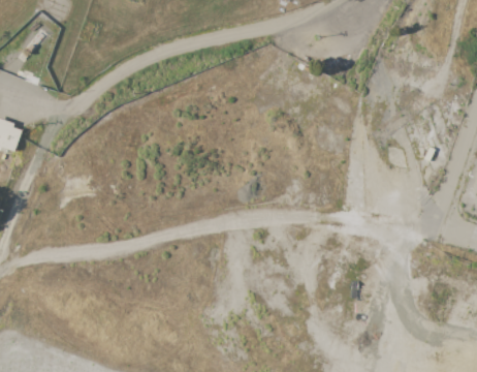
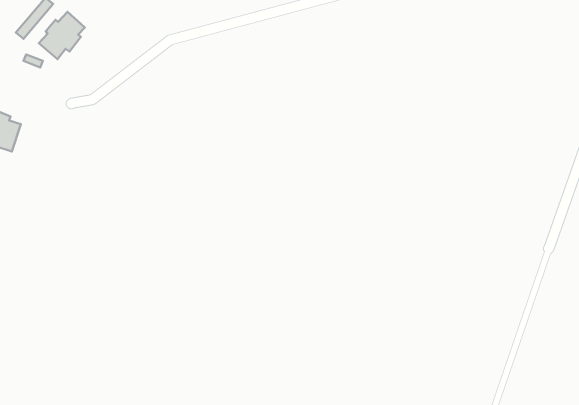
building: none -> [39,12,85,59]

